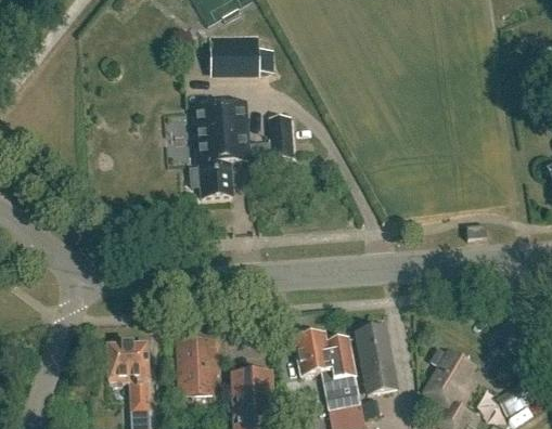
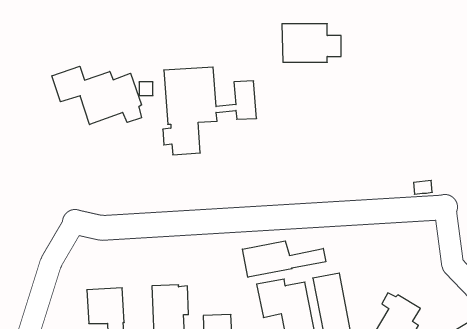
building: [209,35,274,77] -> [282,24,341,62]
building: none -> [52,66,142,125]
building: none -> [242,241,326,277]

